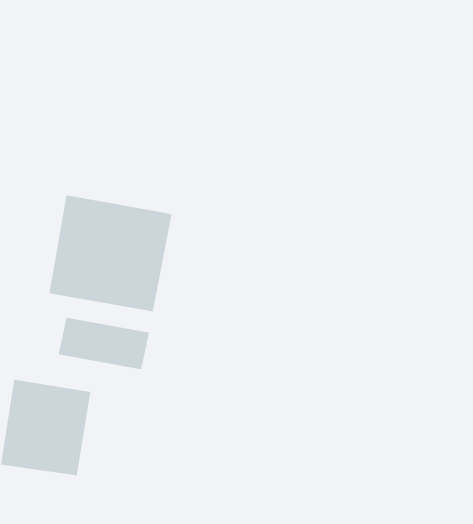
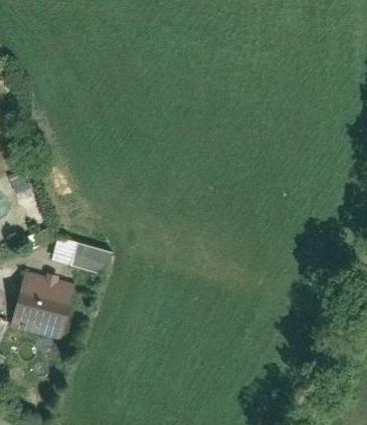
building: [49,195,172,312] -> none

